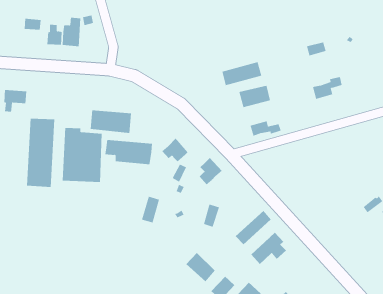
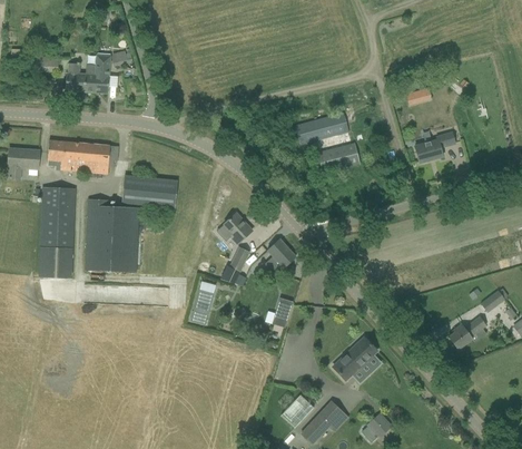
building: [250,121,281,137] -> none
building: [105,139,153,165] -> [47,139,110,173]
building: [235,210,272,245] -> none
building: none -> [449,316,485,349]
building: [185,252,216,282] -> none

